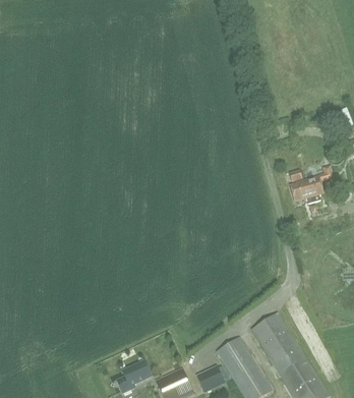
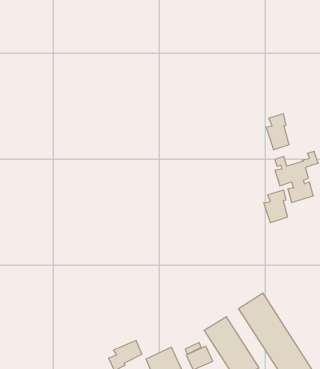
building: none -> [266,114,289,150]
building: none -> [264,190,287,223]

